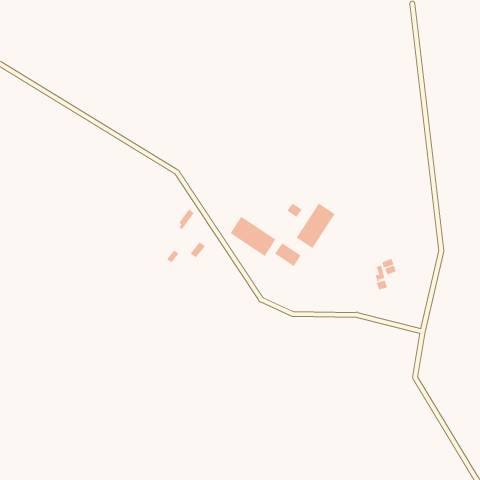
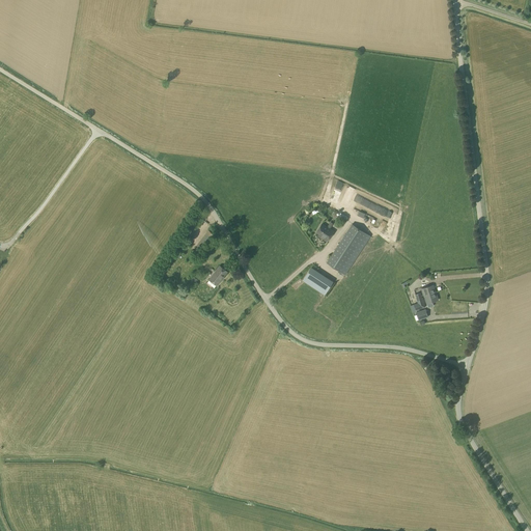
building: [230,216,276,257] -> none

